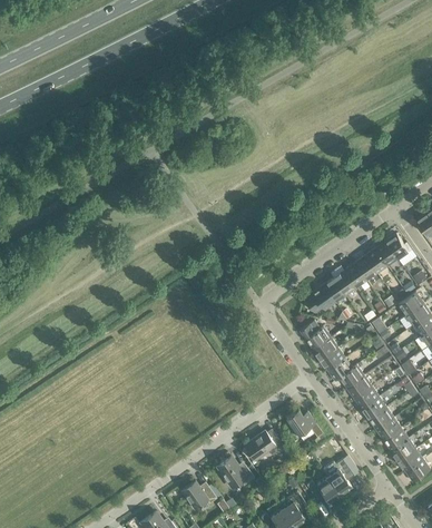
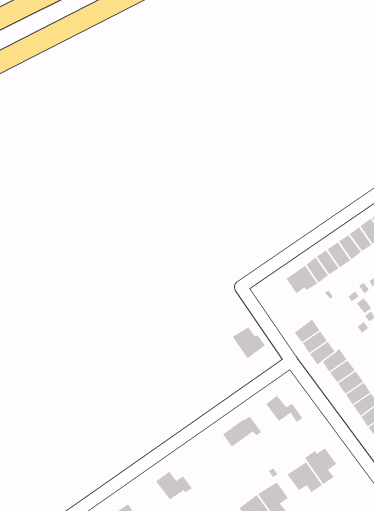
building: [298,320,331,351] -> [232,326,266,359]
building: [217,458,254,488] -> none

